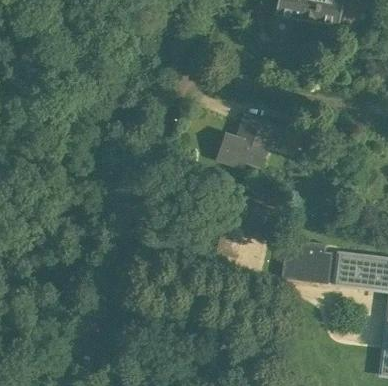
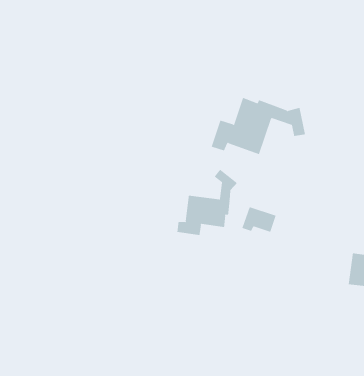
building: none -> [177,169,238,236]
building: [282,240,333,284] -> none

